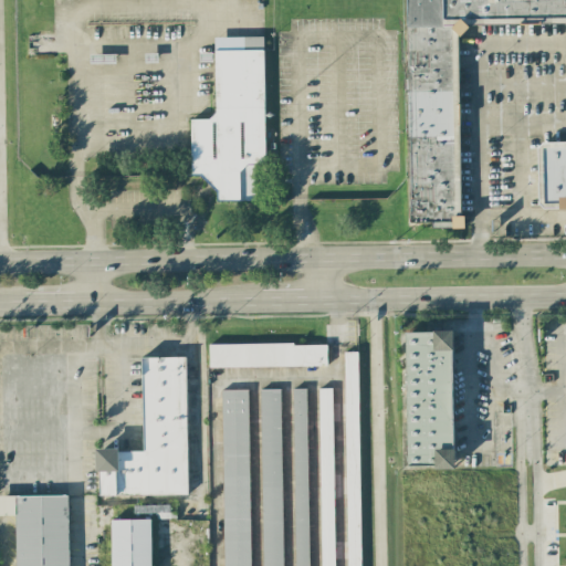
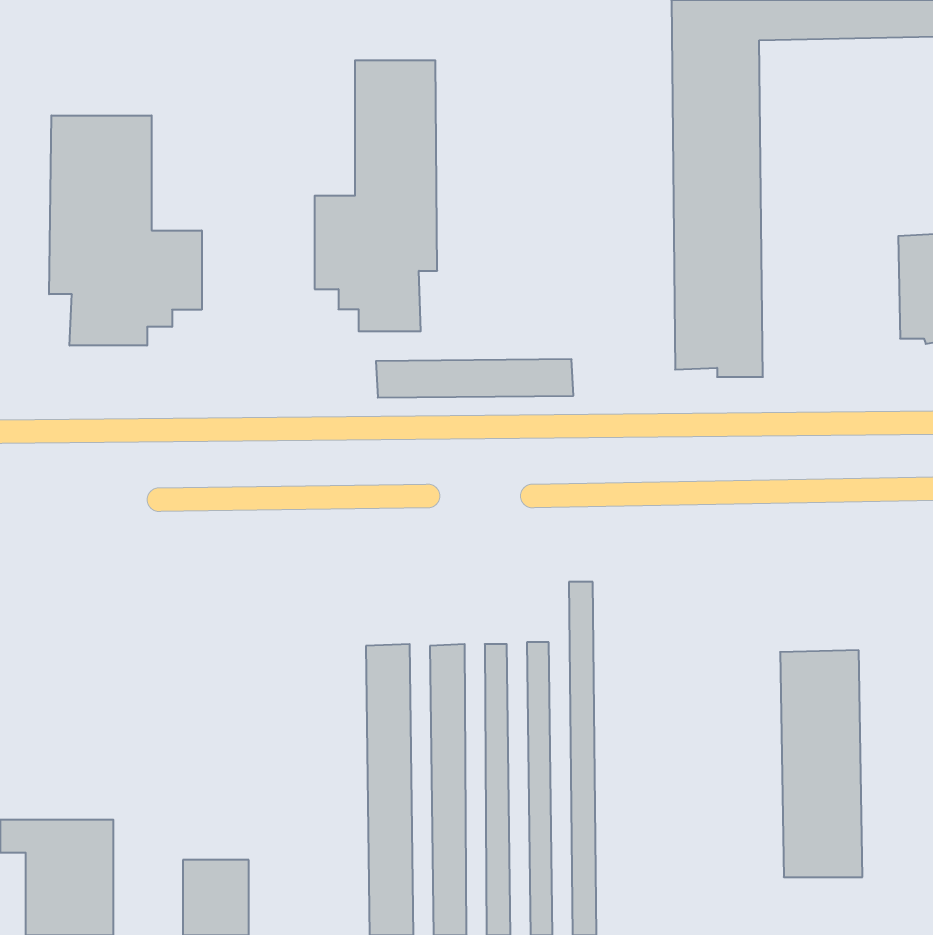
building: none -> [49,115,202,346]
building: [406,331,455,468] -> [780,650,862,877]
building: [209,344,328,367] -> [376,359,573,398]
building: [98,357,189,495] -> none

